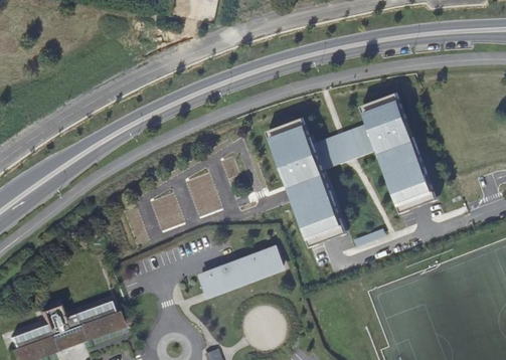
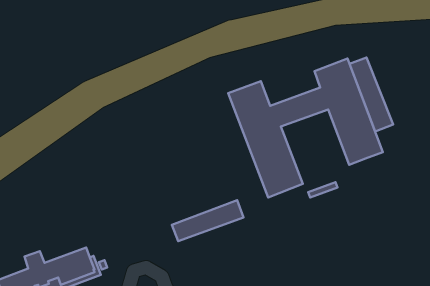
building: none -> [349,57,393,132]

